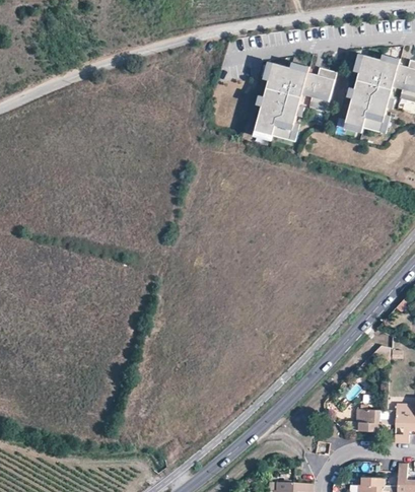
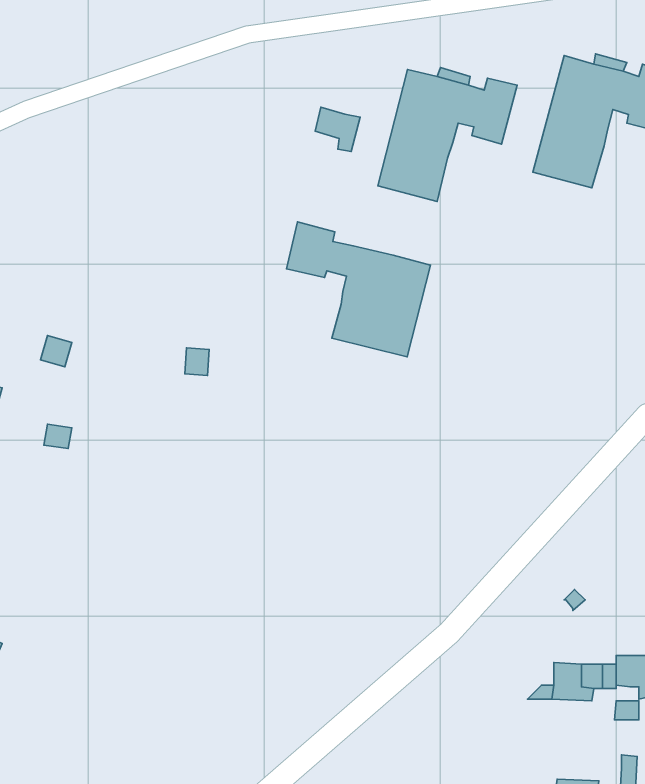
building: none -> [315,107,360,152]
building: none -> [287,222,430,357]

